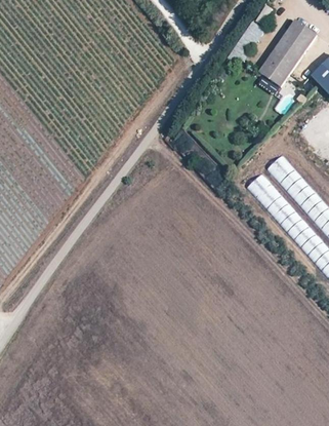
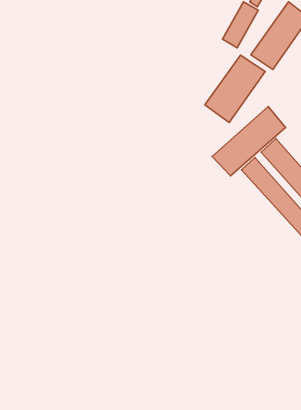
building: none -> [205,55,265,123]
building: none -> [212,107,286,176]

